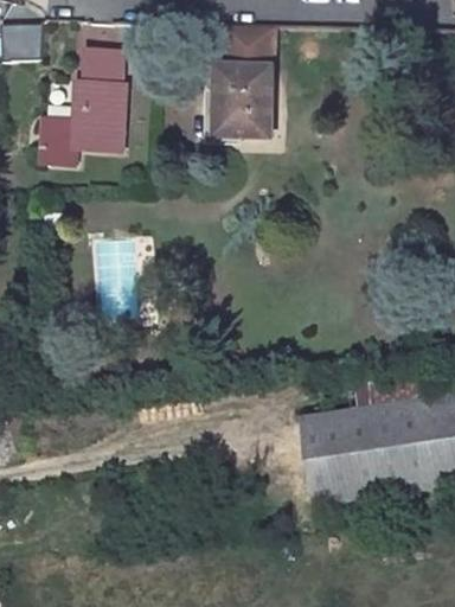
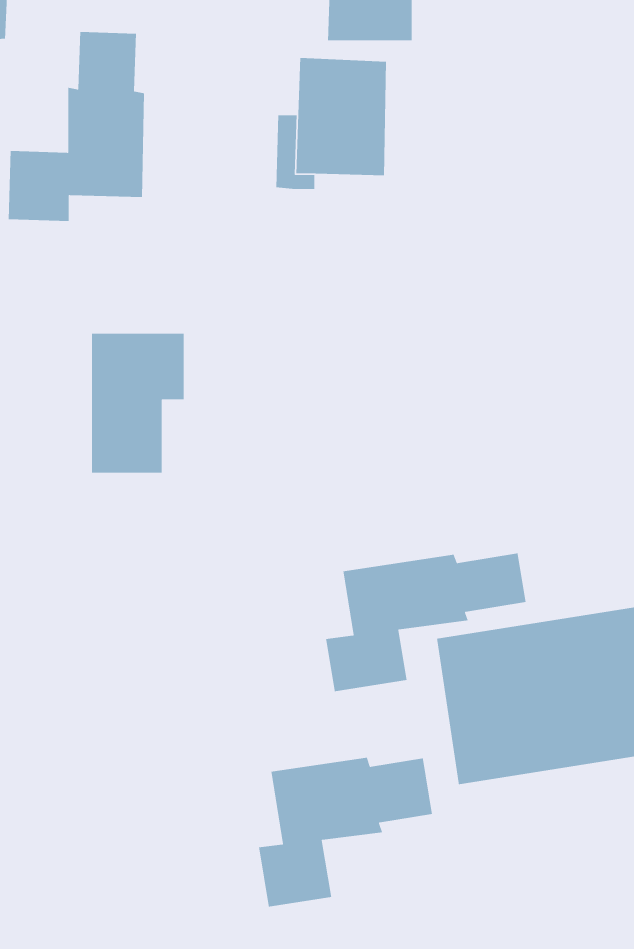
building: none -> [325,552,527,692]
building: none -> [258,757,433,908]

